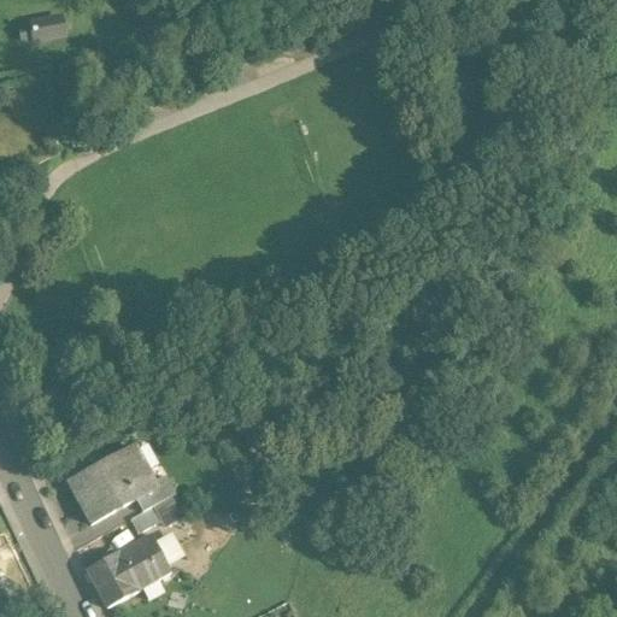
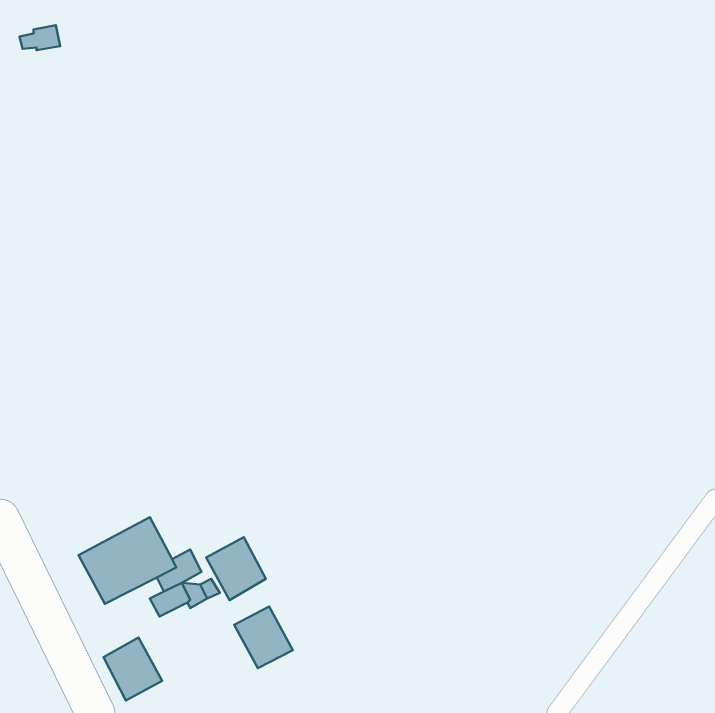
building: none -> [206,537,266,600]
building: [119,534,170,587] -> [234,607,293,668]

